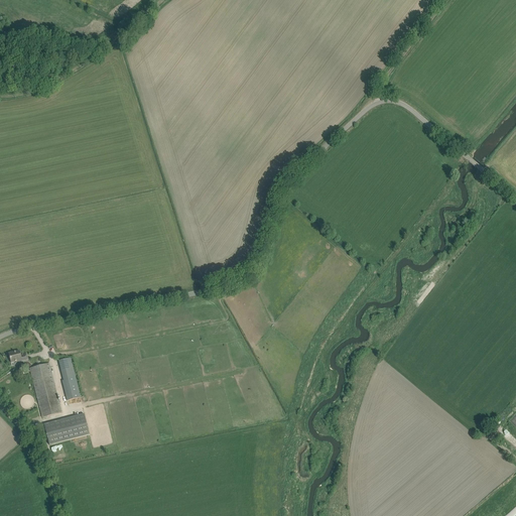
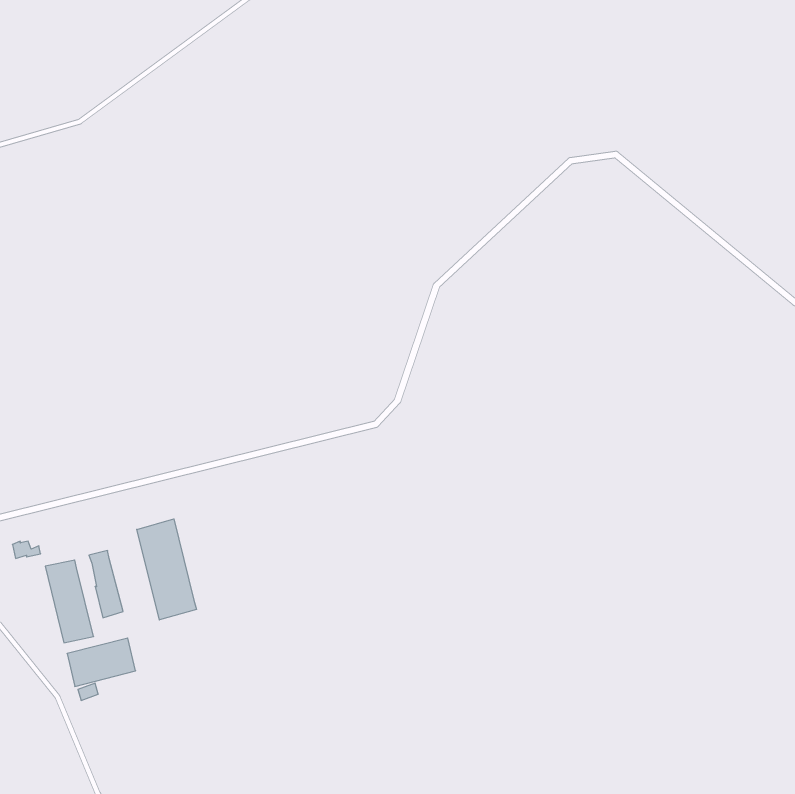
building: none -> [137,519,197,620]

